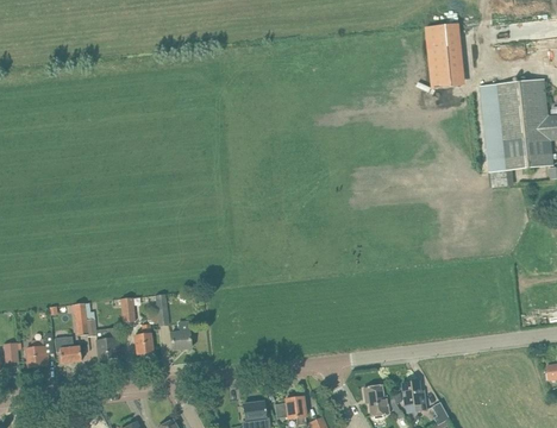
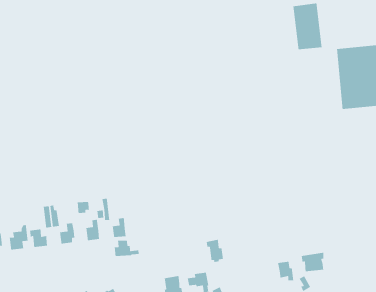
building: none -> [114,240,139,257]
building: none -> [301,252,324,272]
building: [363,385,388,418] -> [206,239,224,263]

